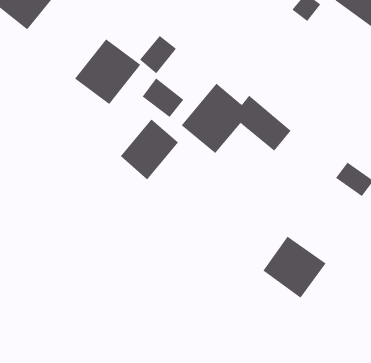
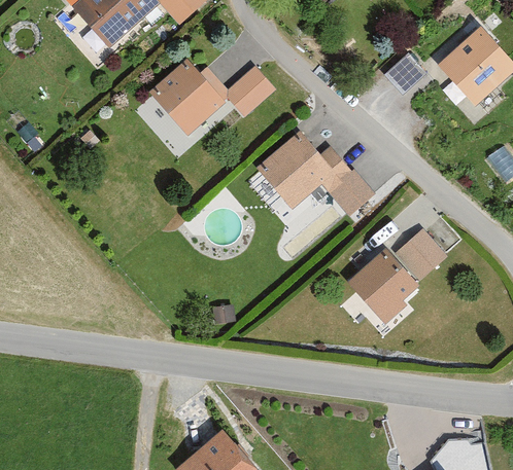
building: [142,78,184,118] -> none
building: [120,118,179,180] -> none
building: [263,236,326,299] -> [351,252,419,320]

